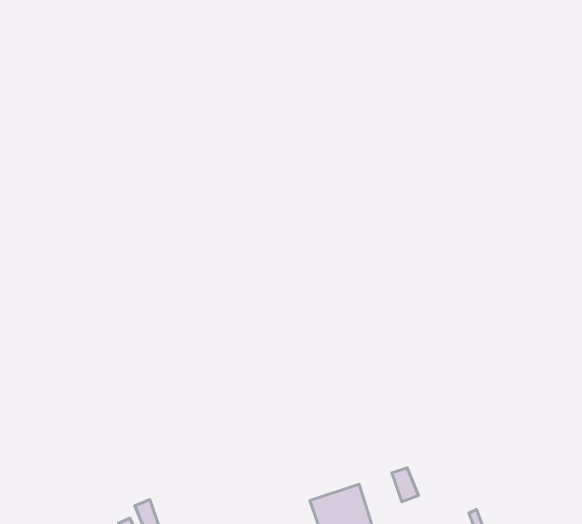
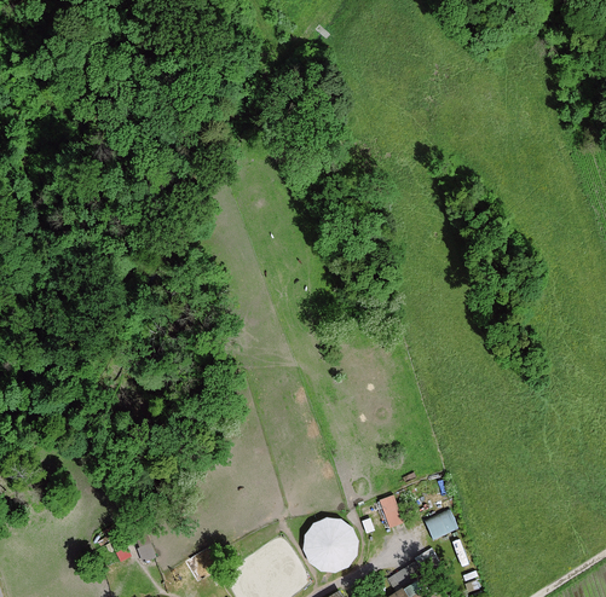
building: none -> [425,509,458,539]

